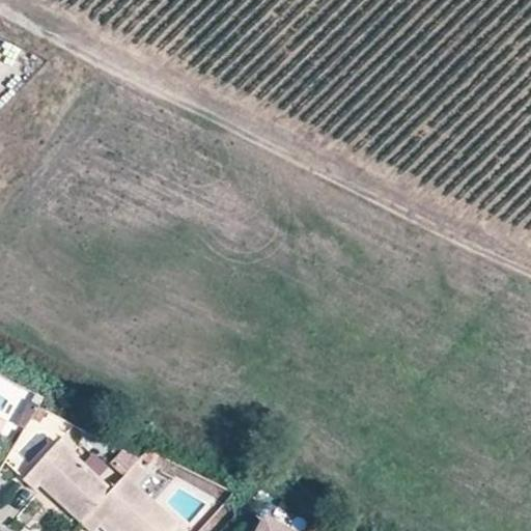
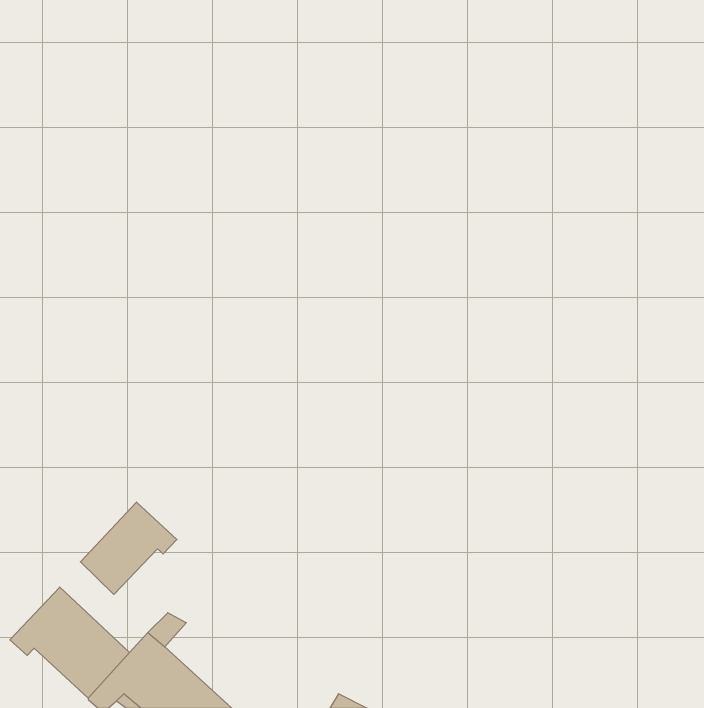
building: none -> [80,502,177,594]

